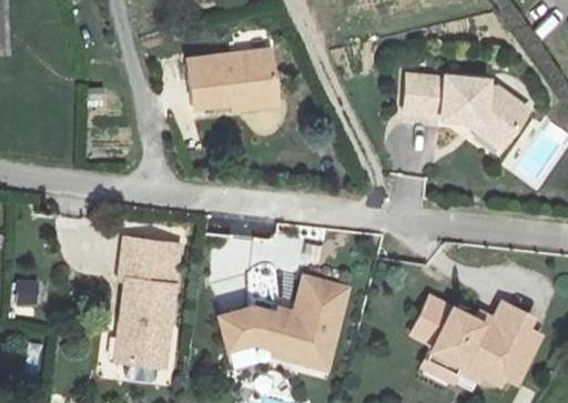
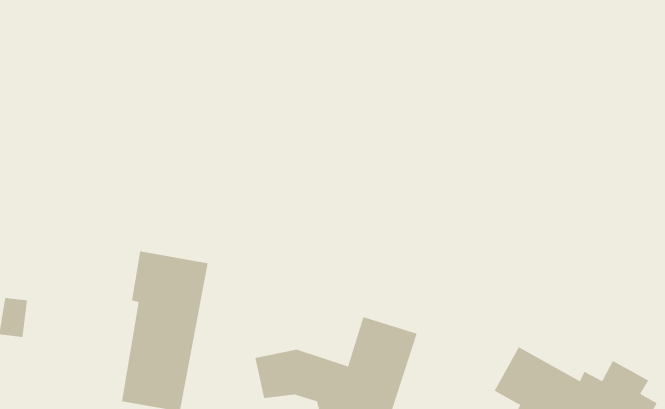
building: [189,49,278,108] -> none
building: [404,74,527,147] -> none

